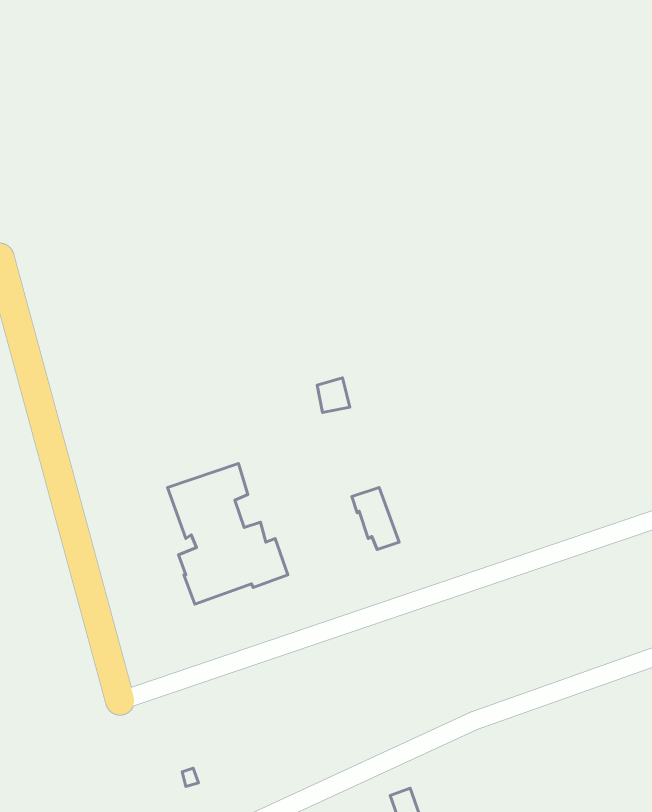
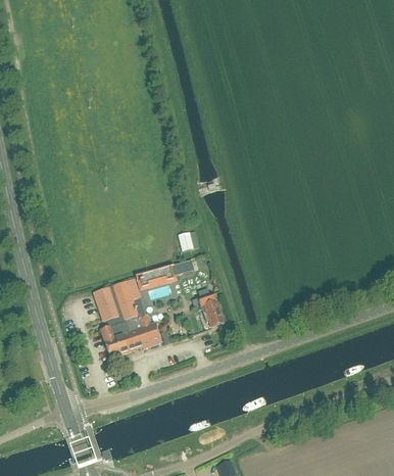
building: none -> [136,264,177,289]

